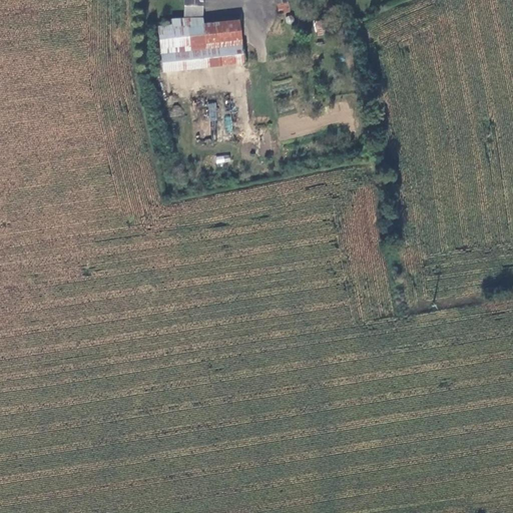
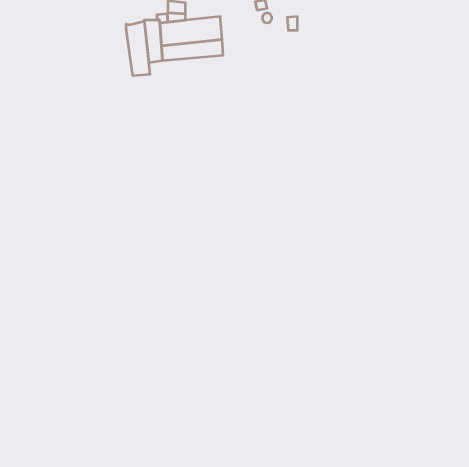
building: none -> [126,21,150,76]

